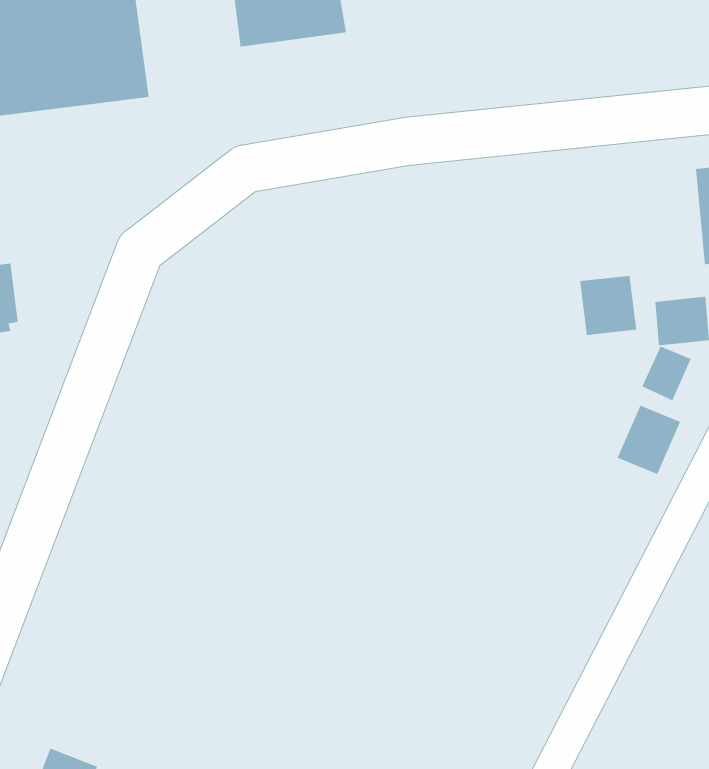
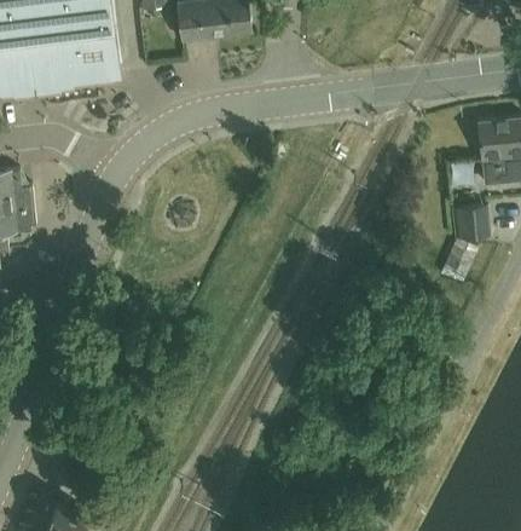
building: [579,275,637,336] -> none
building: [617,405,681,475] -> none

